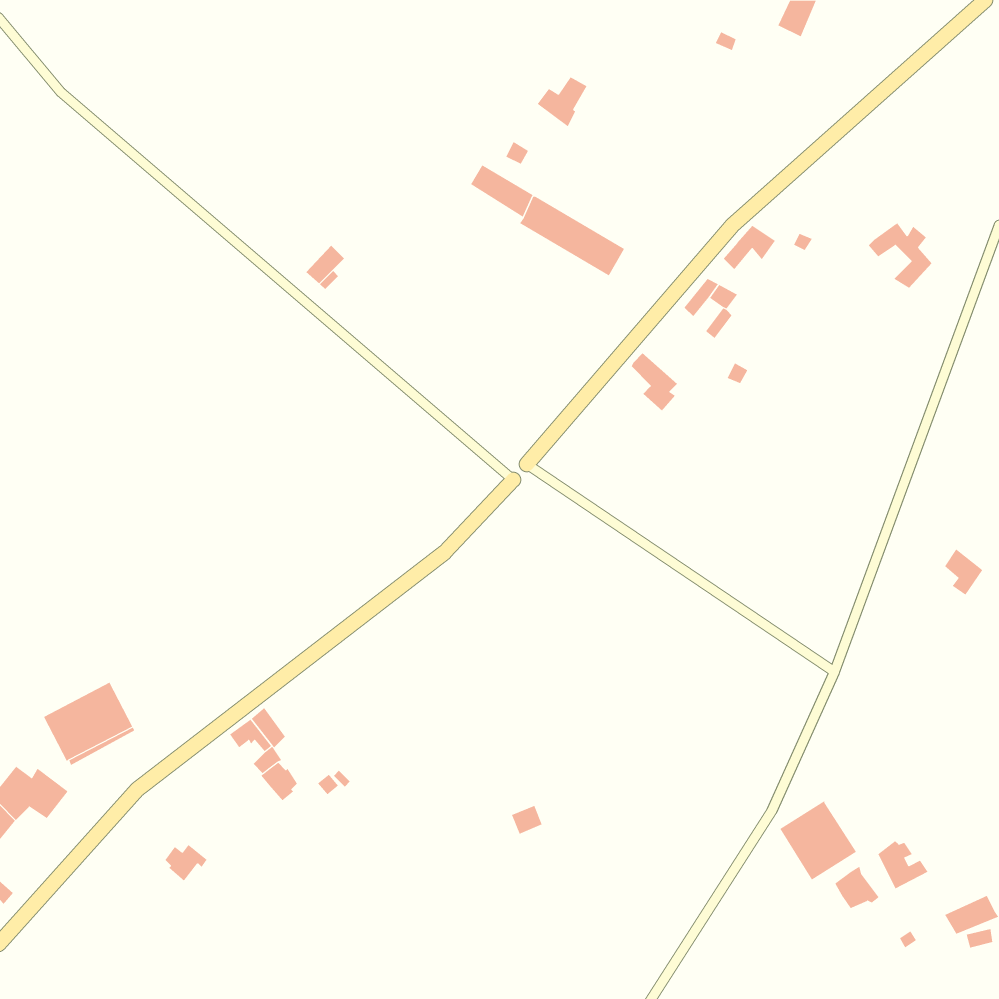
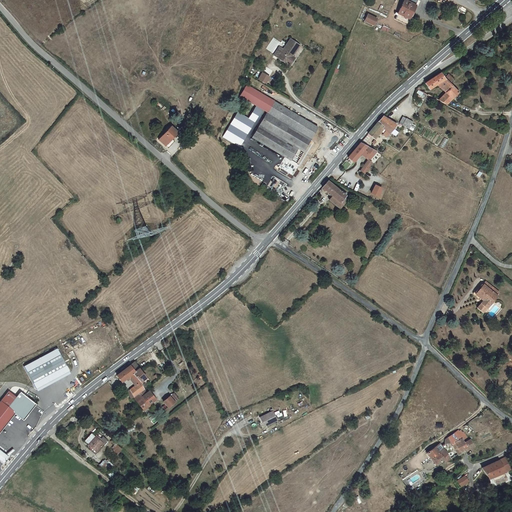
building: none -> [222,106,263,148]
building: [868,222,933,289] -> [425,71,458,105]
building: none -> [251,115,311,162]
building: [779,800,857,880] -> none

